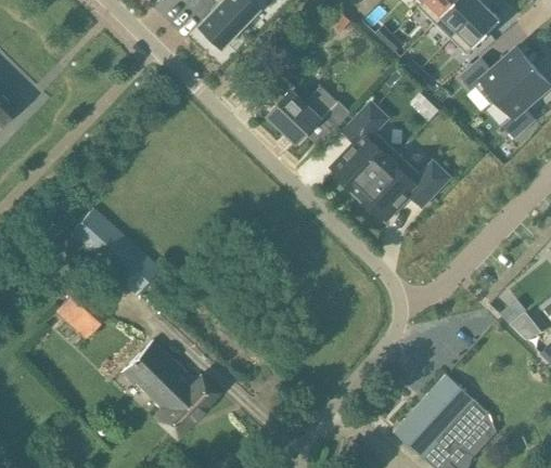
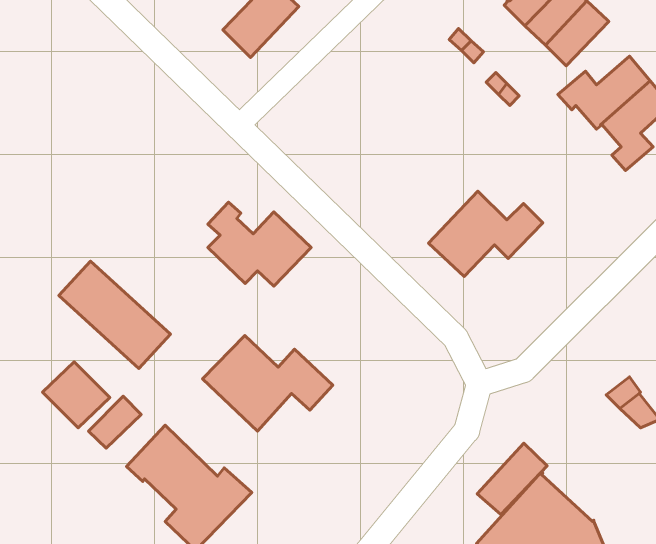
building: [268,78,349,144] -> [208,202,311,286]
building: [331,103,397,194] -> none
building: none -> [202,336,333,431]
building: none -> [88,396,141,448]
building: none -> [477,443,547,515]

